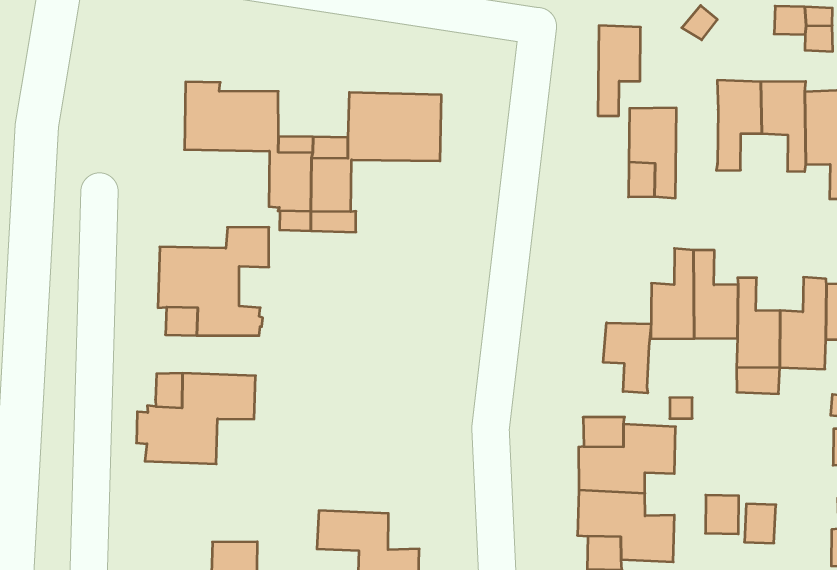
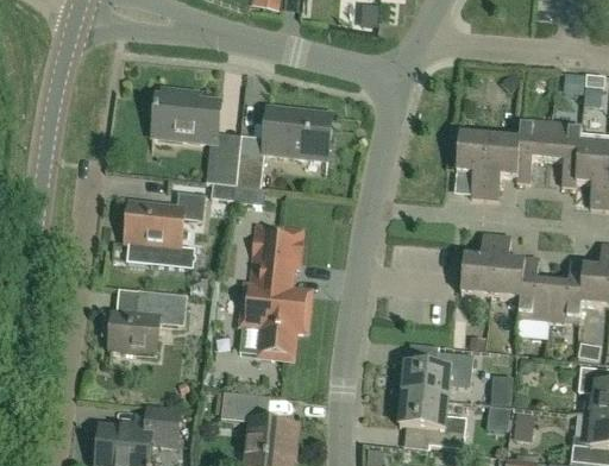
building: [598,26,641,116] -> [485,137,520,200]
building: none -> [241,225,308,358]
building: [603,323,651,393] -> none
building: none -> [489,374,515,407]

